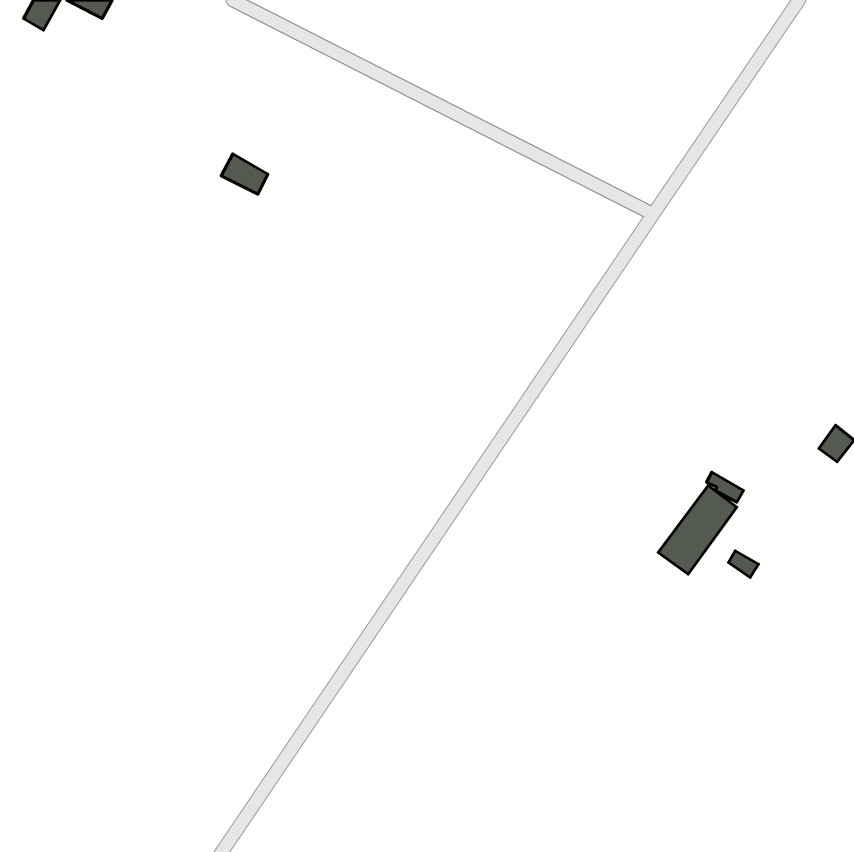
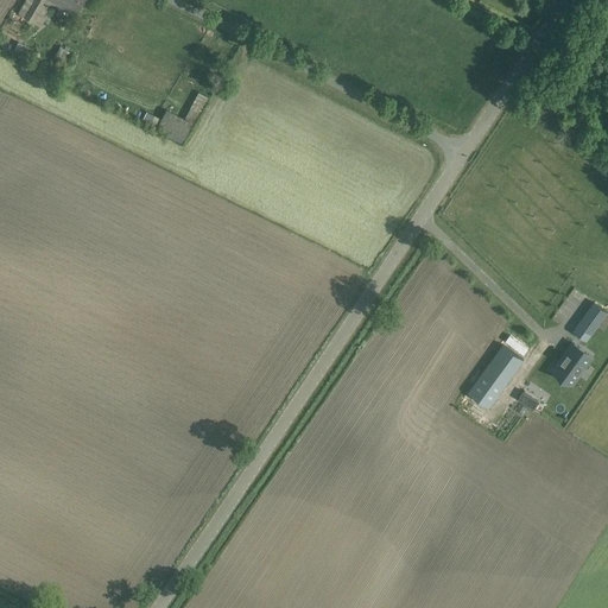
building: none -> [556,346,589,385]

